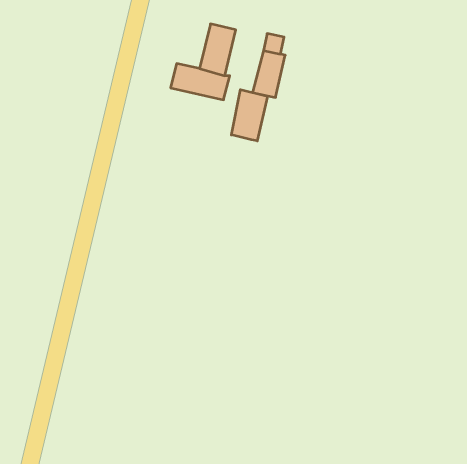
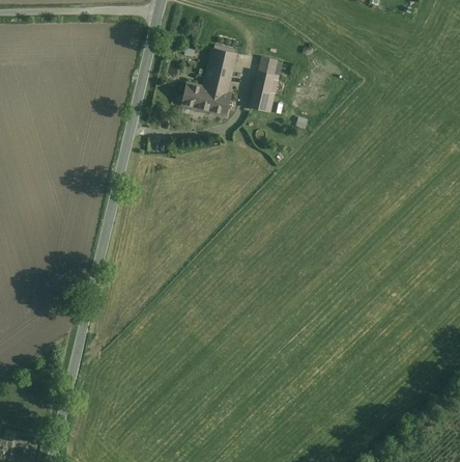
building: [231,90,267,141] -> none

